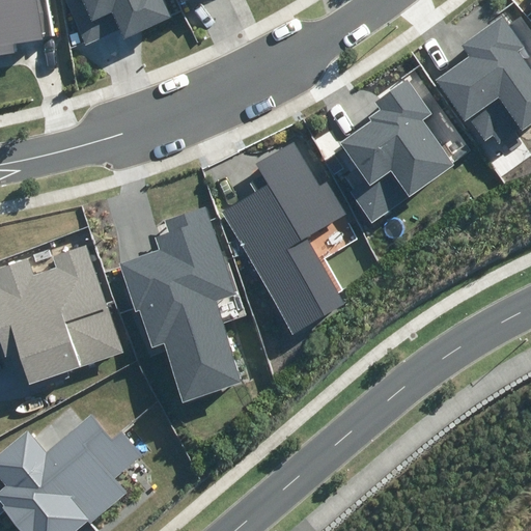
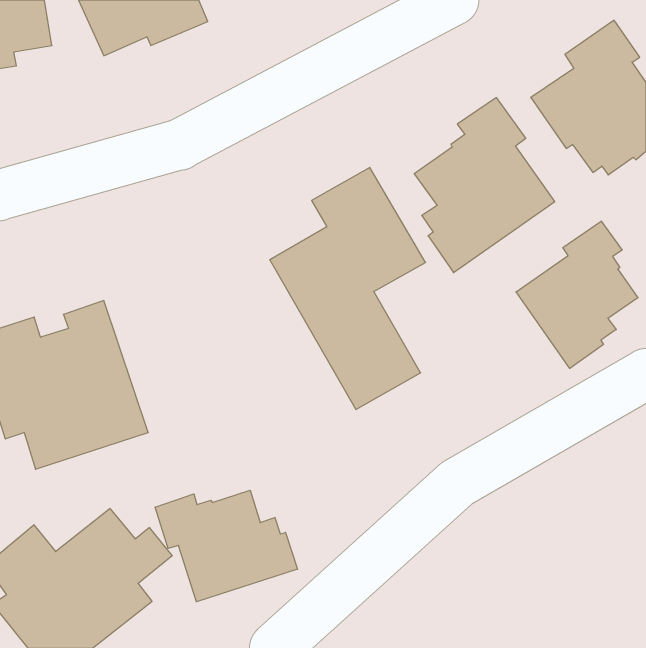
building: none -> [516,221,638,368]
building: [117,206,242,402] -> none
building: none -> [155,490,298,602]

